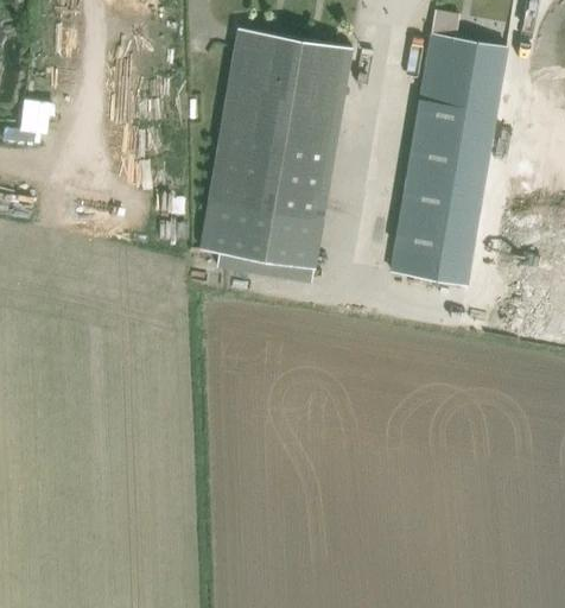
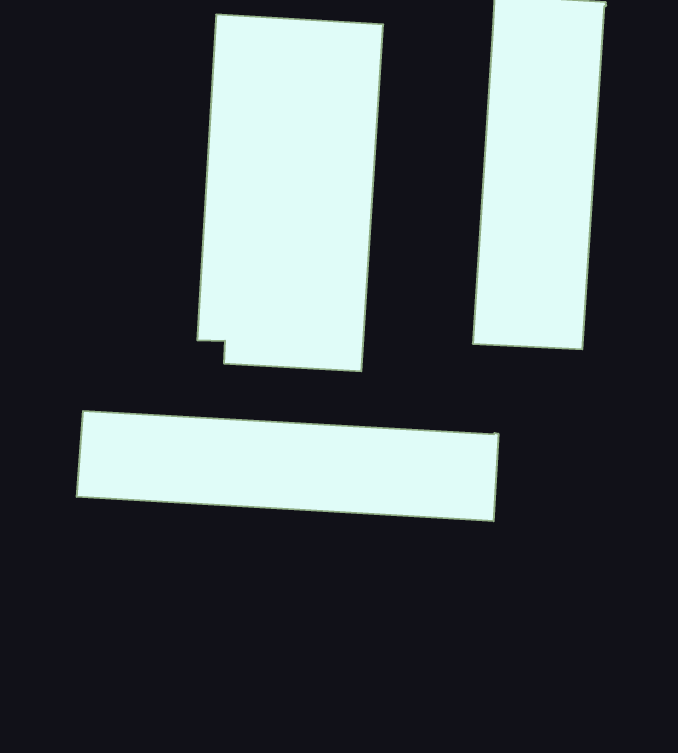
building: none -> [77,411,498,521]

